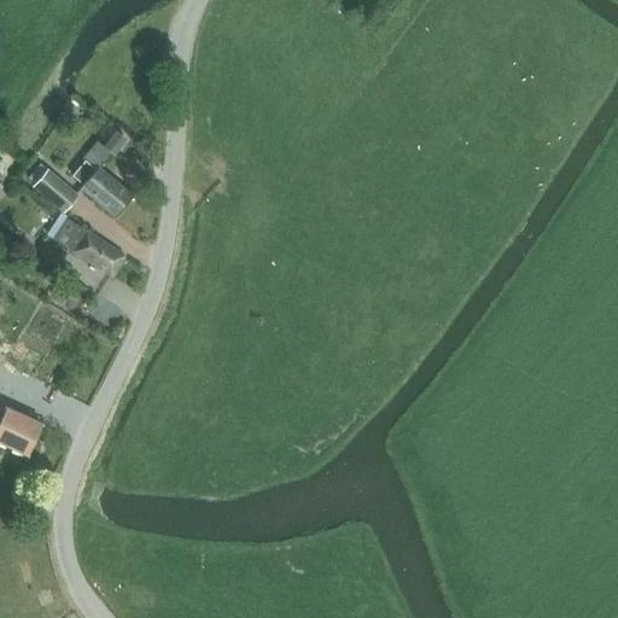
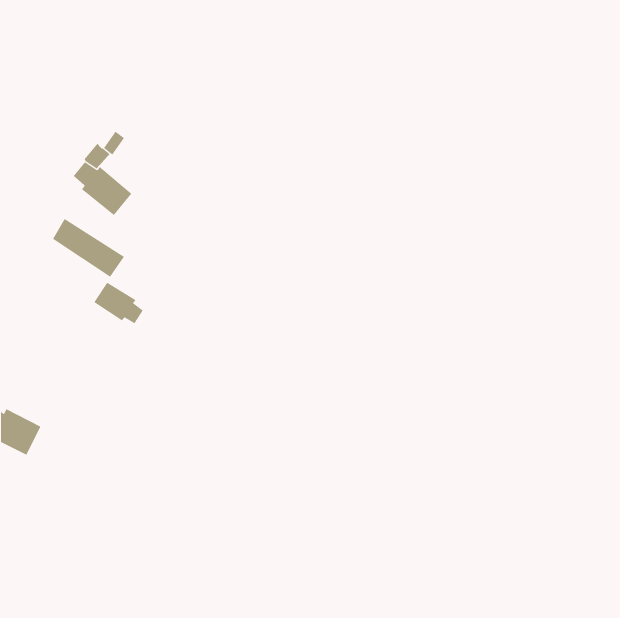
building: [31,168,80,212] -> none
building: none -> [94,282,143,324]

